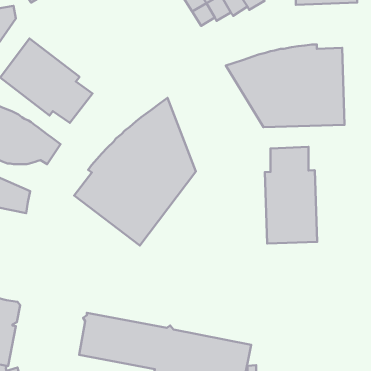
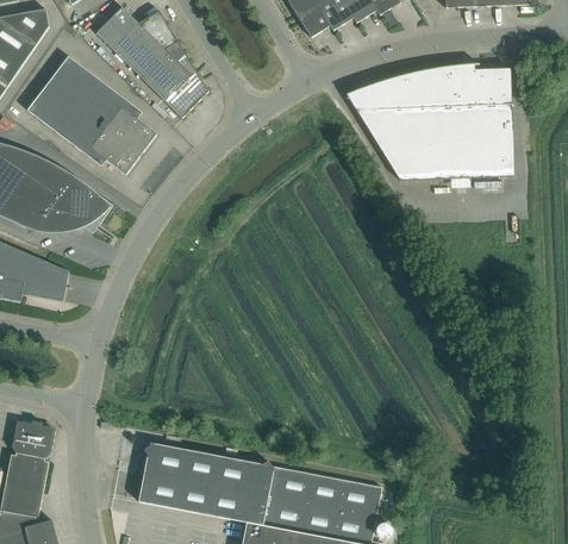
building: none -> [94,7,207,118]
building: [74,98,196,246] -> none
building: [265,147,317,243] -> none

